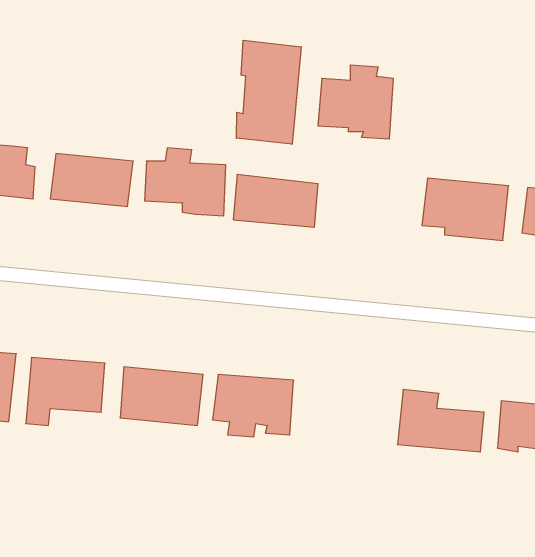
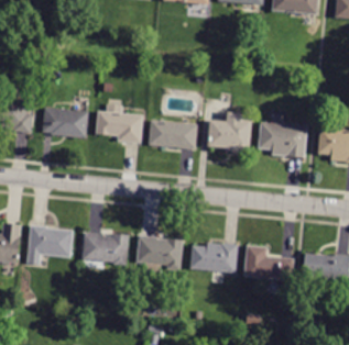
building: [236,40,301,144] -> none
building: [318,65,393,139] -> [207,112,251,155]
building: none -> [188,243,238,274]

